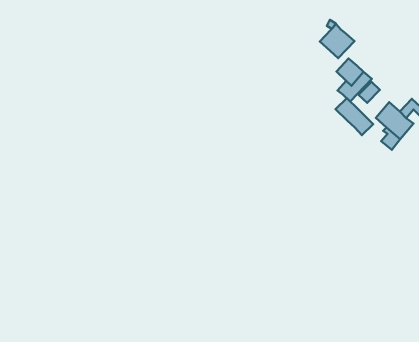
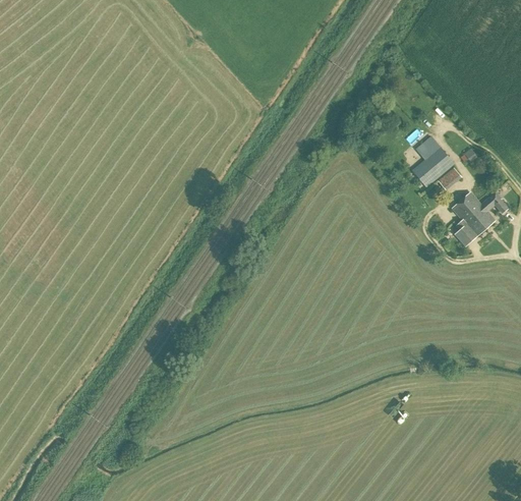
building: [320,24,354,58] -> none
building: [335,98,373,135] -> none

